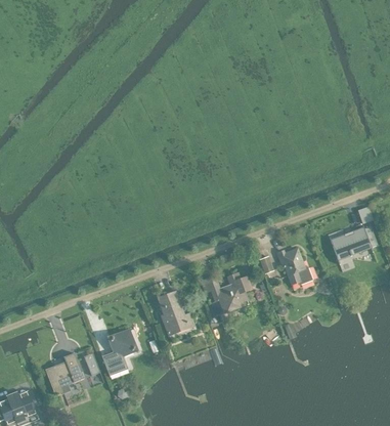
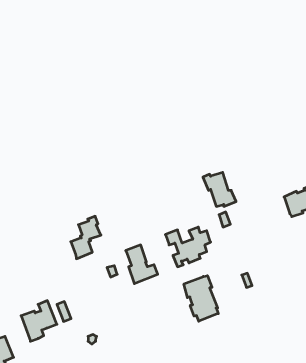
building: [276,248,312,285] -> [203,172,236,206]
building: none -> [184,276,218,321]
building: [102,329,135,375] -> [71,216,101,259]

